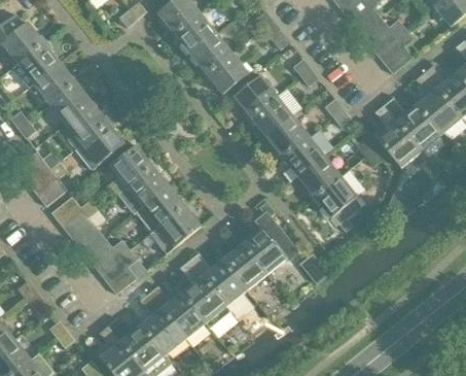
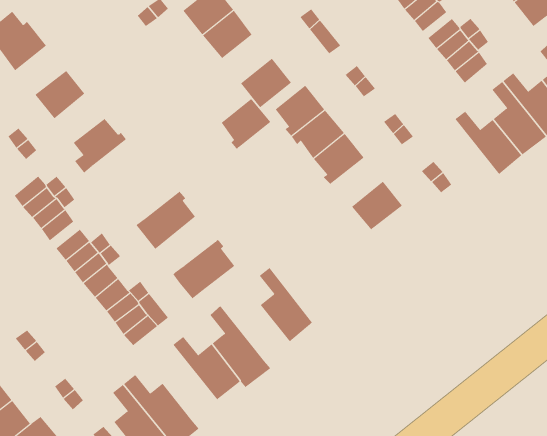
building: [190,33,232,76] -> [221,98,271,150]
building: [17,40,61,83] -> none
building: [50,82,93,124] -> none
building: [374,104,422,167] -> none
building: [75,121,124,170] -> none
building: [281,136,325,177] -> none
building: [109,144,155,194] -> none
building: [313,176,362,224] -> none
building: [136,185,185,232] -> none
building: [230,212,293,274] -> none
building: [189,252,247,306] -> none
building: [140,293,186,355] -> none

